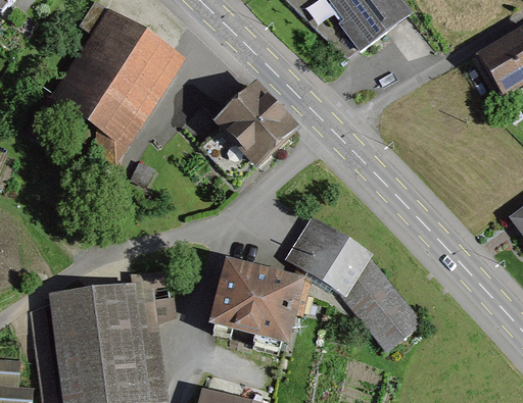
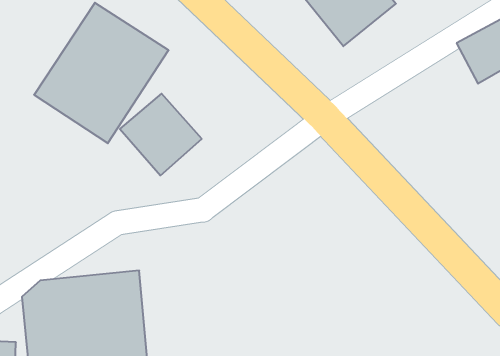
building: [217,85,299,167] -> [120,94,202,175]
building: [289,219,420,349] -> none
building: [206,263,298,346] -> none

